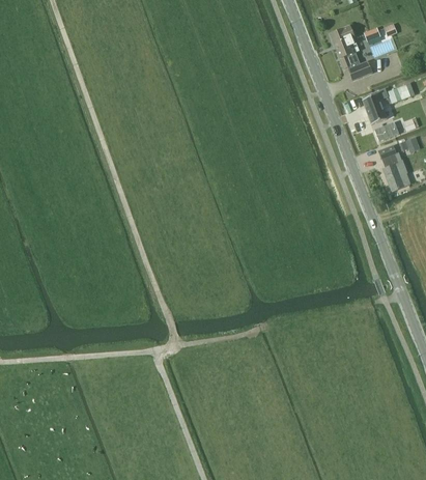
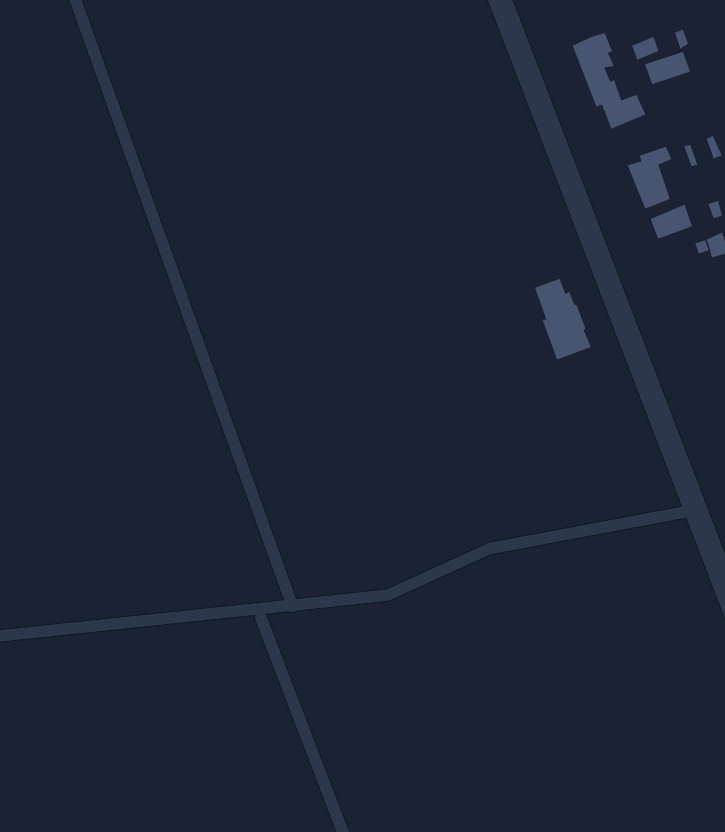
building: [379,145,411,191] -> [534,278,592,360]

